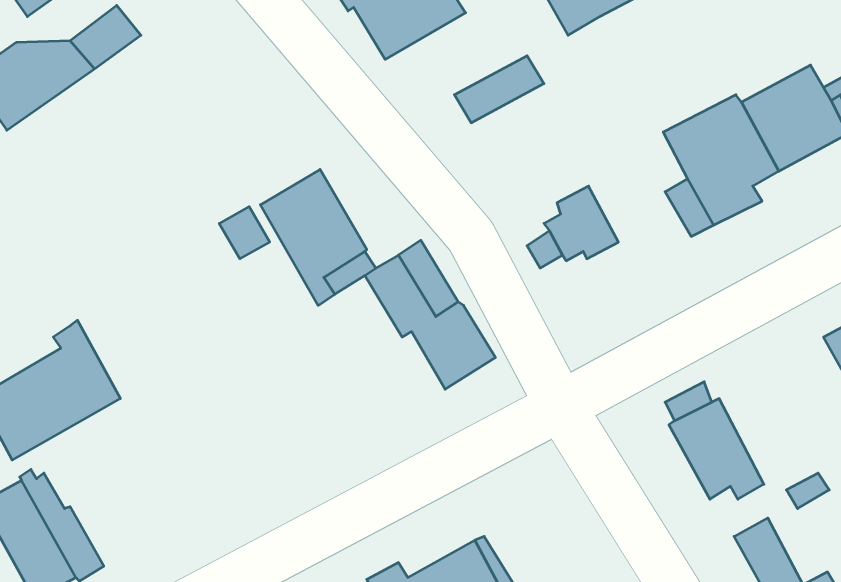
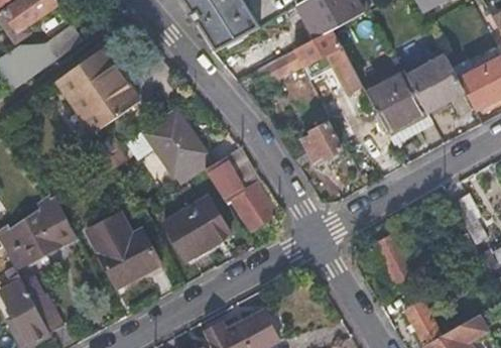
building: none -> [292,28,364,96]
building: none -> [60,46,142,130]
building: none -> [164,198,228,260]
building: none -> [83,206,160,287]

